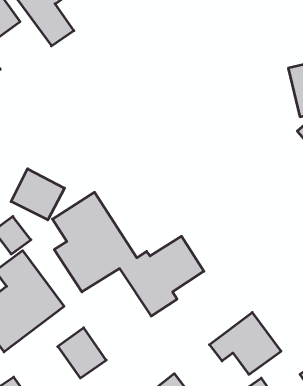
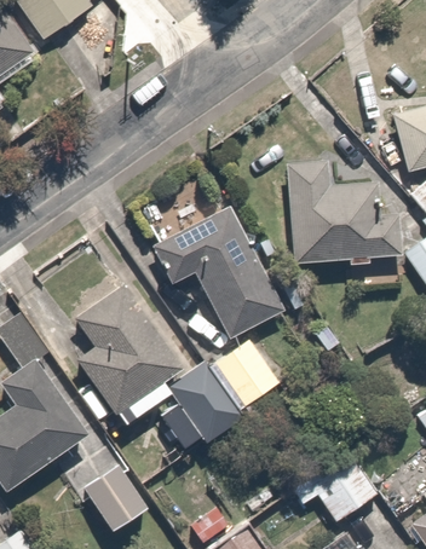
building: none -> [287,163,396,265]
building: none -> [146,206,286,340]
building: [11,169,65,220] -> none

